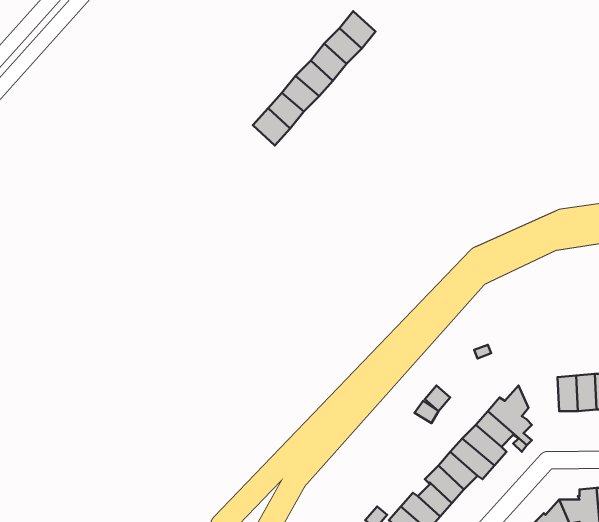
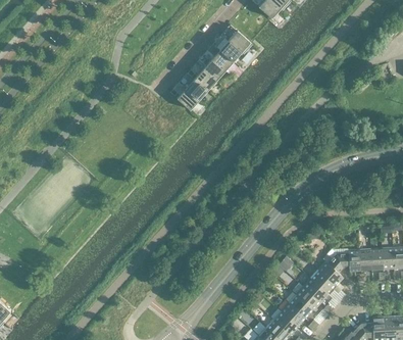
building: none -> [336,249,360,271]

